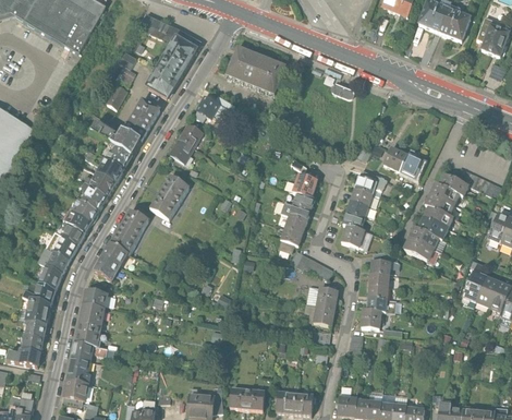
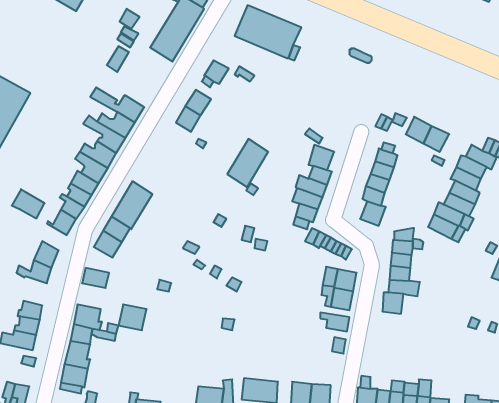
building: [123,96,159,137] -> none
building: [150,173,188,218] -> [227,139,268,187]
building: [38,243,69,271] -> [12,189,45,218]
building: [25,295,50,322] -> none
building: [78,301,105,325] -> [118,304,147,330]

